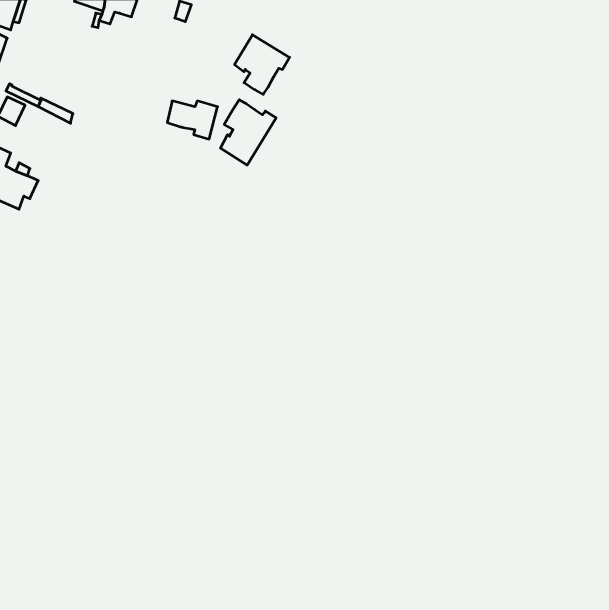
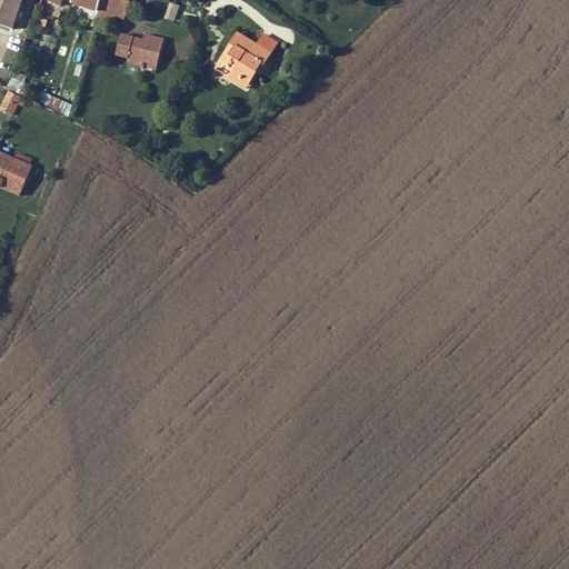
building: [221,100,276,165] -> none
building: [167,101,218,139] -> [114,33,161,69]

